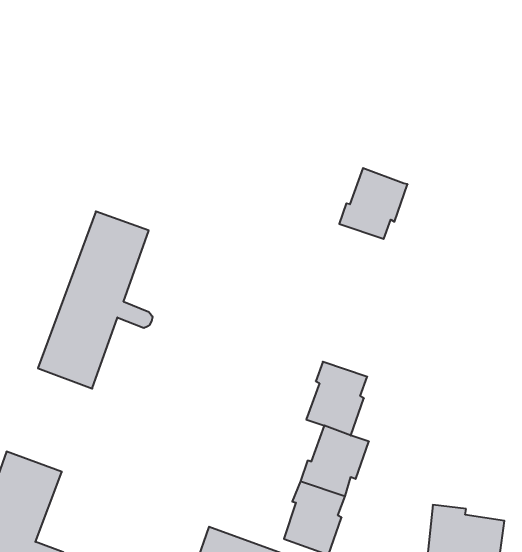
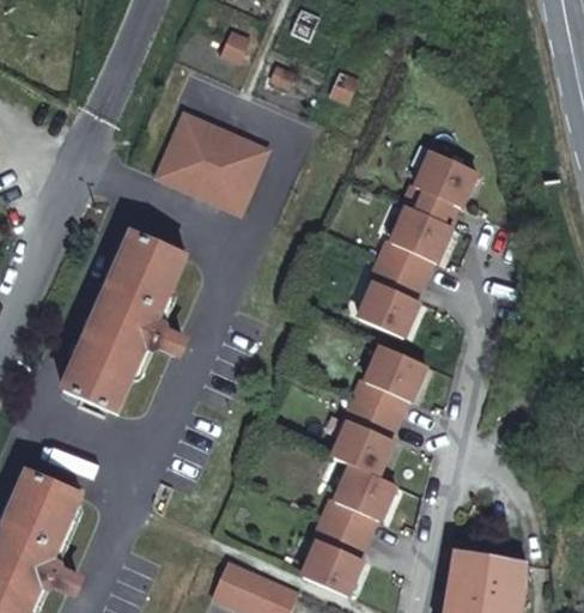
building: none -> [156,113,267,213]
building: none -> [402,150,475,223]
building: none -> [358,260,422,335]
building: none -> [353,344,425,417]

